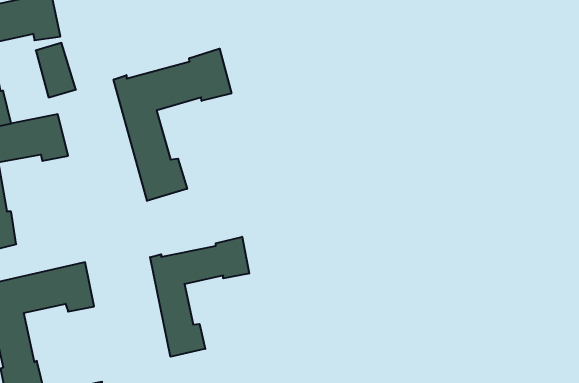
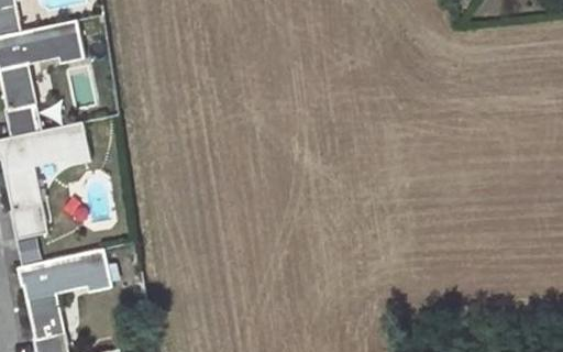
building: [114,49,231,201] -> none
building: [150,237,249,357] -> none

